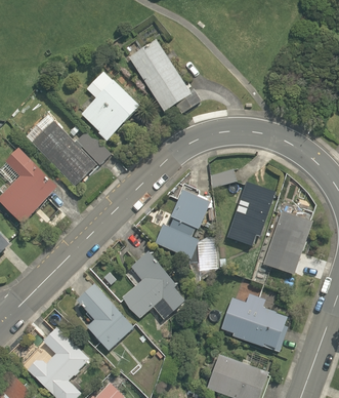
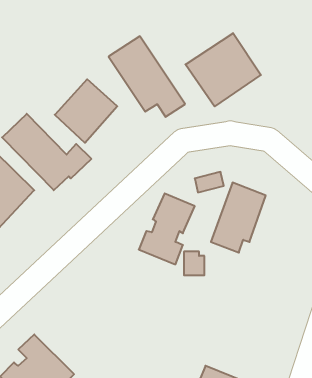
building: none -> [185,33,261,106]
building: [261,209,311,274] -> none
building: [122,248,184,318] -> none
building: [76,280,135,356] -> none
building: [220,292,287,351] -> none

